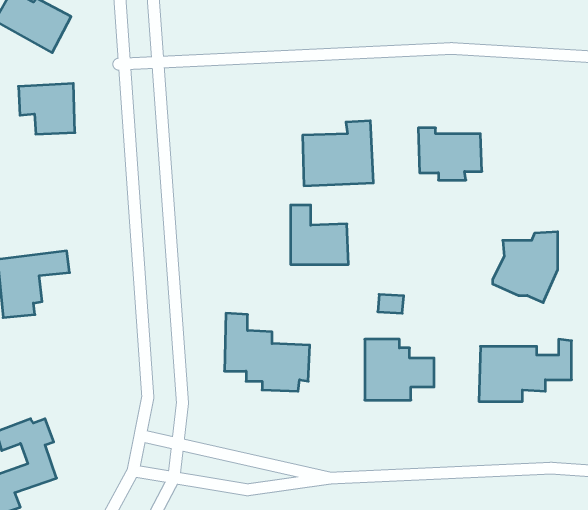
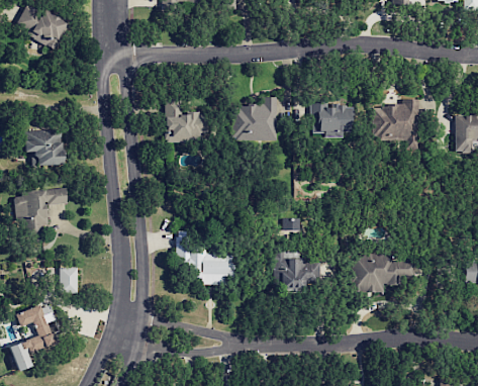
building: [18,83,75,134] -> [23,129,63,165]
building: [291,205,348,264] -> [165,99,205,140]
building: [493,232,558,303] -> [373,98,418,148]
building: none -> [59,267,78,293]

